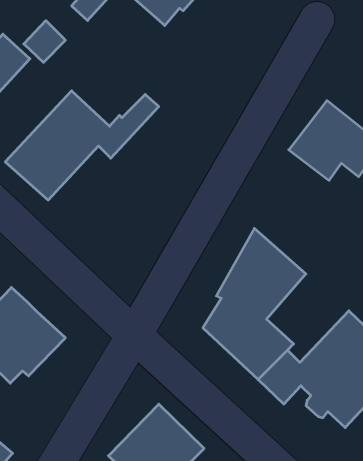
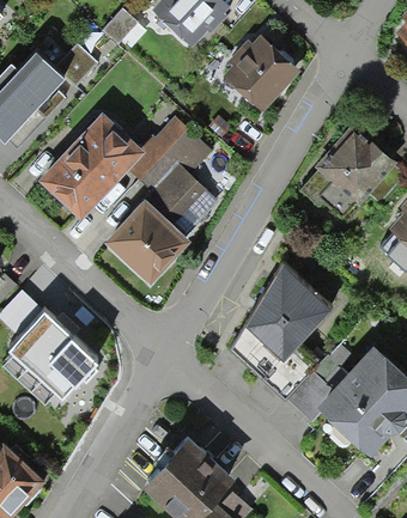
building: none -> [221,42,296,115]
building: none -> [105,135,218,295]

